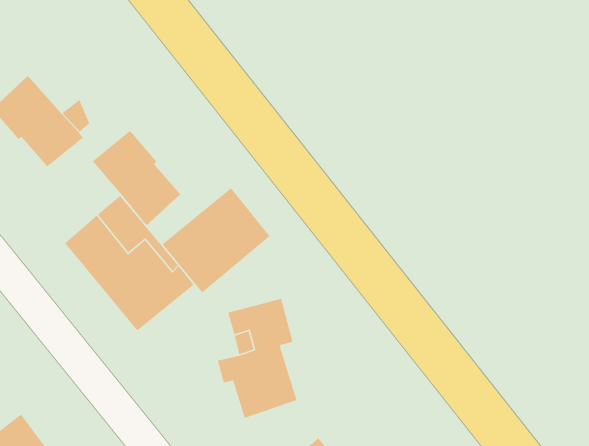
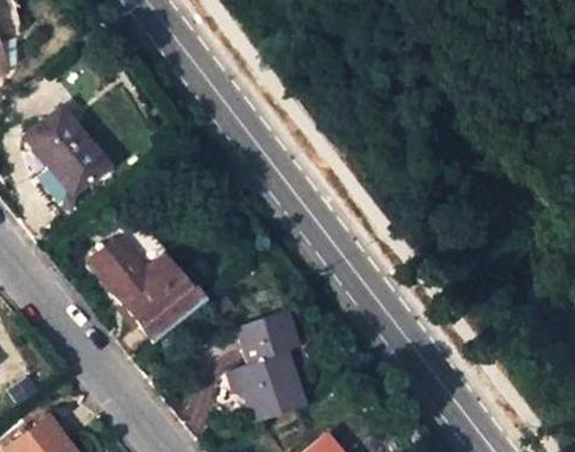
building: [92,130,181,226] -> none
building: [162,187,270,294] -> none

